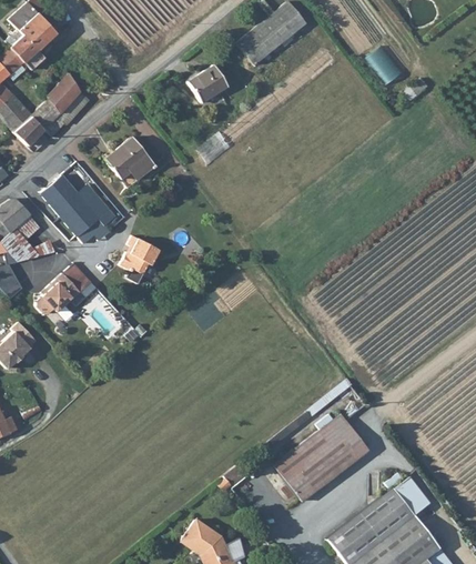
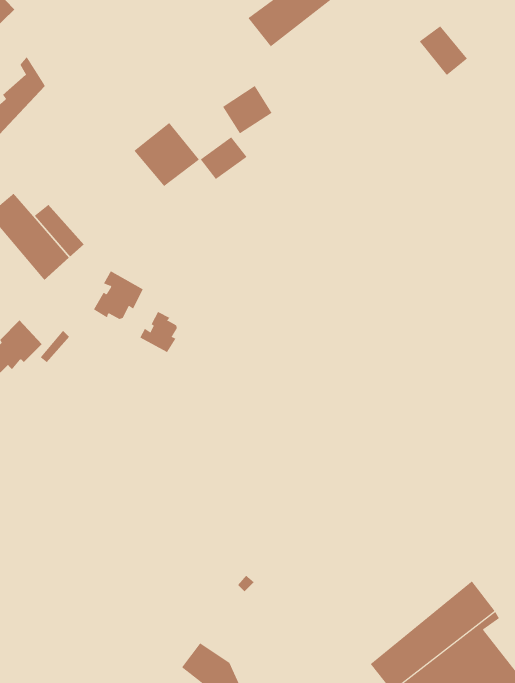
building: [184,62,223,100] -> [222,85,273,134]
building: [101,137,152,187] -> [133,122,200,187]
building: none -> [139,311,178,353]
building: [275,413,368,498] -> none

